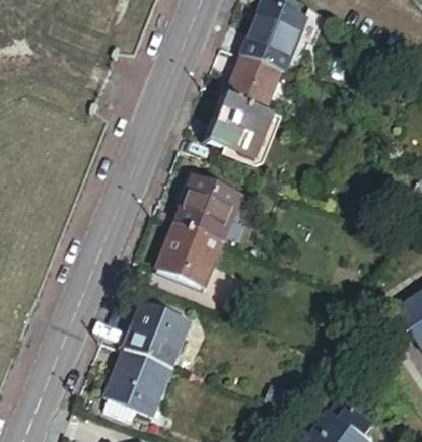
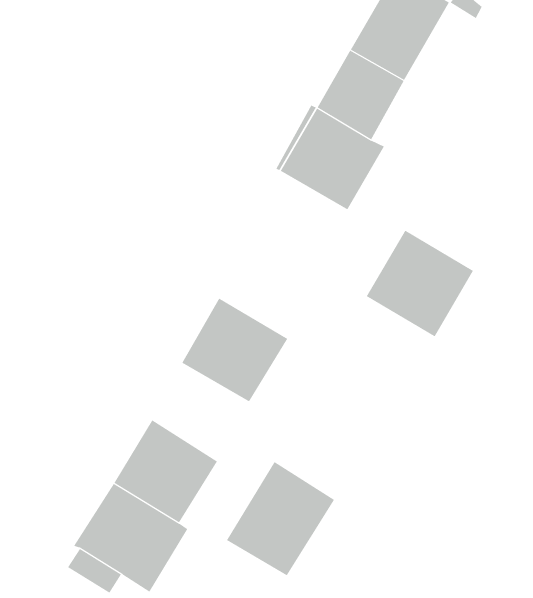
building: [175,174,242,240] -> [366,230,474,337]
building: none -> [226,461,335,576]

